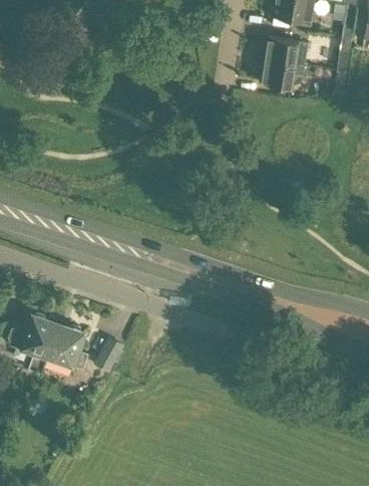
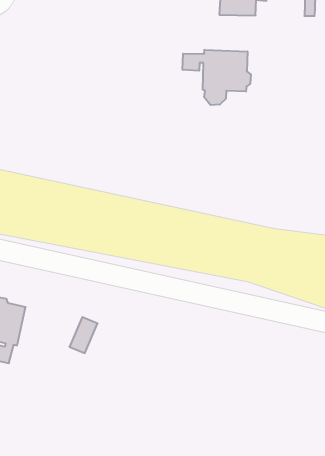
building: none -> [182,50,251,105]
building: [49,324,88,369] -> none

